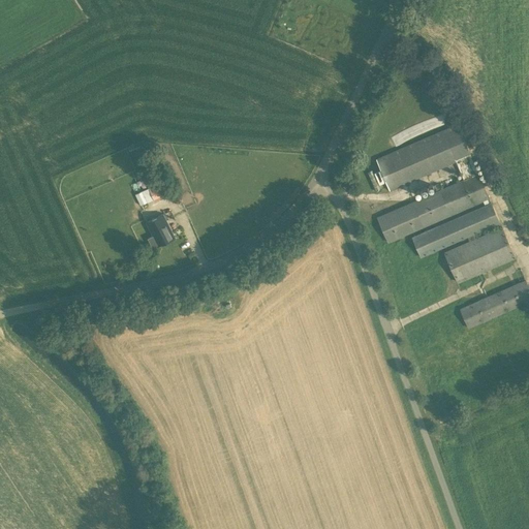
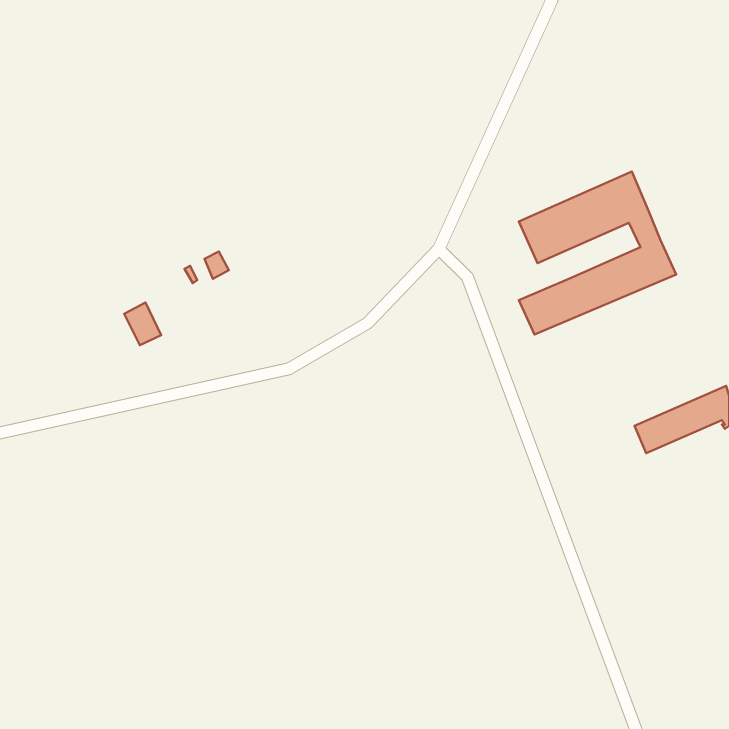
building: [410,204,515,283] -> none
building: [147,215,174,246] -> [124,302,161,345]

